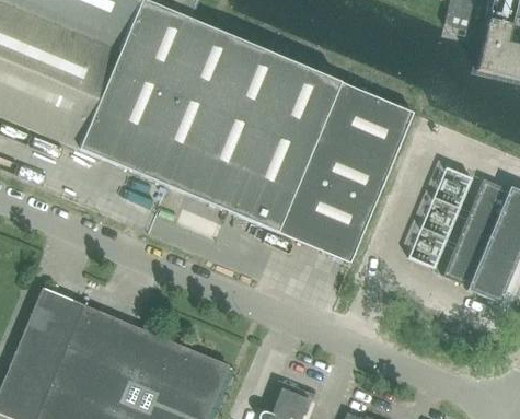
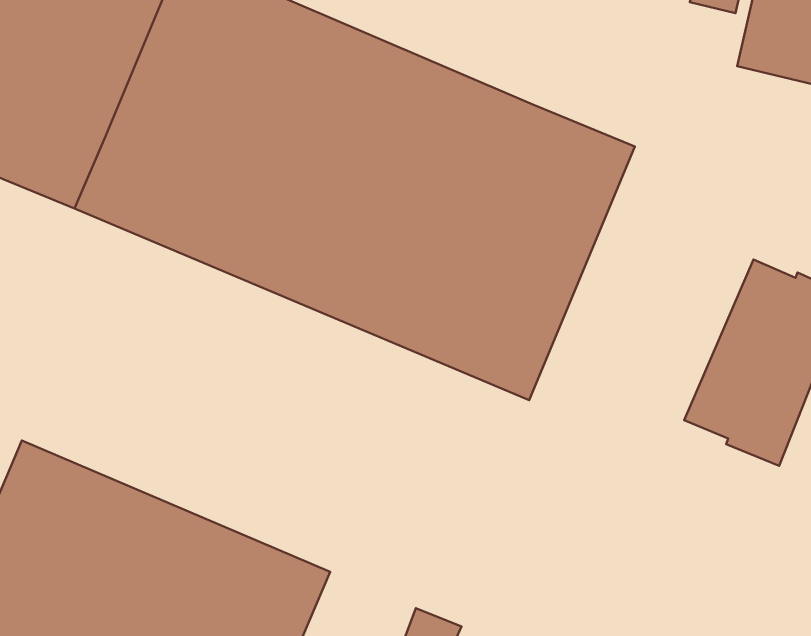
building: [407,167,472,268] -> none

